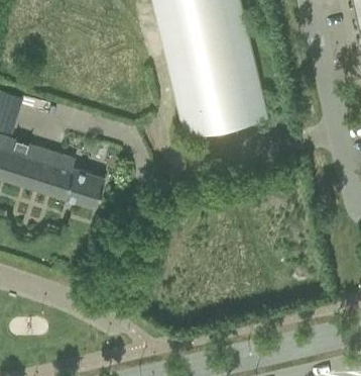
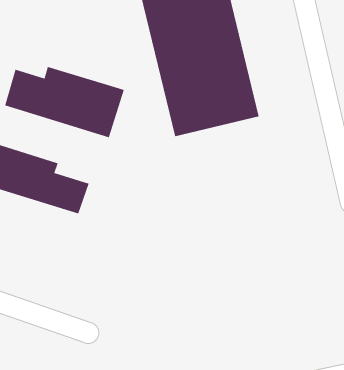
building: none -> [5,66,124,138]

